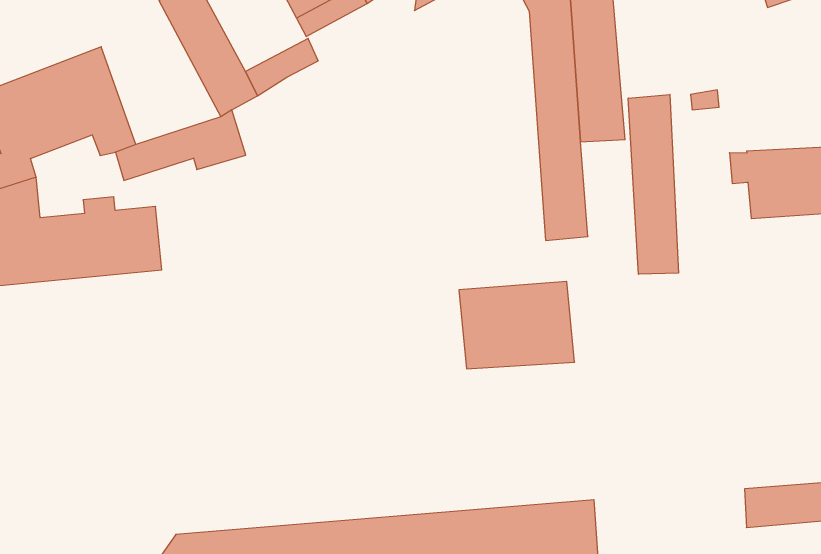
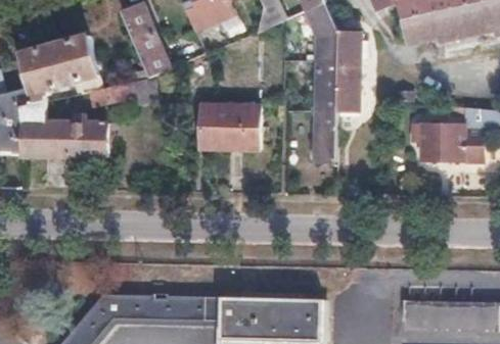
building: [628,94,678,274] -> none
building: [459,281,575,369] -> [201,102,259,146]

